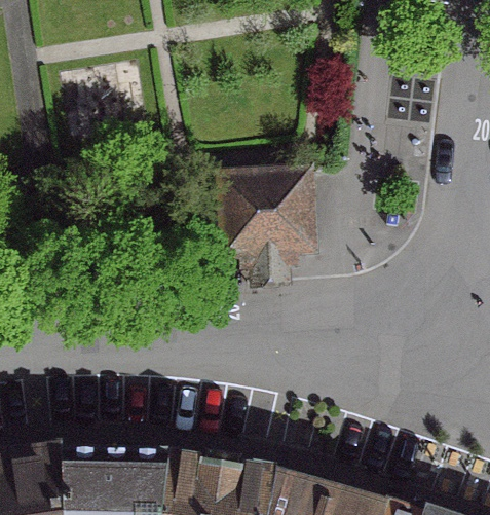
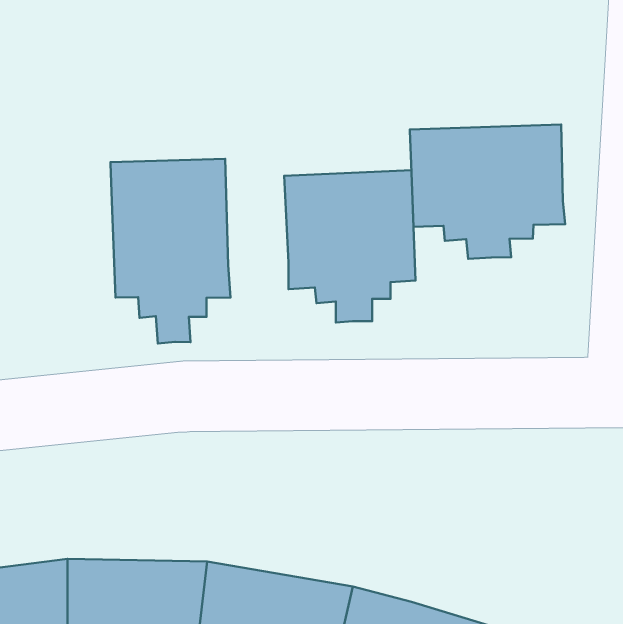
building: none -> [410,124,565,259]
building: none -> [110,159,230,344]

